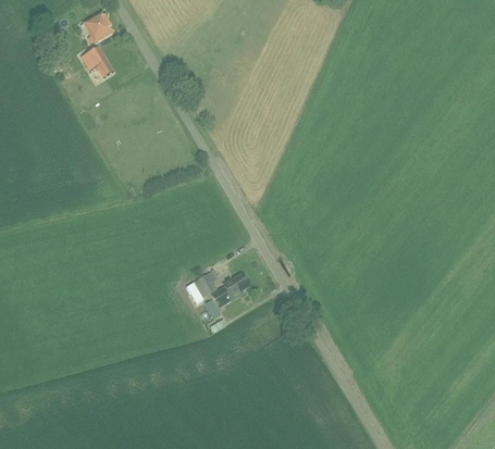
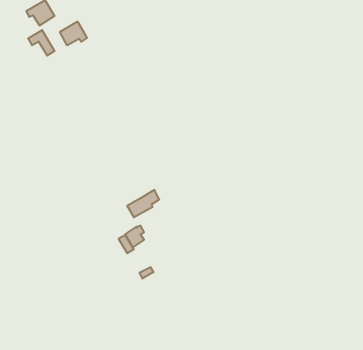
building: none -> [60,22,87,45]
building: [211,275,248,307] -> [127,190,159,217]

